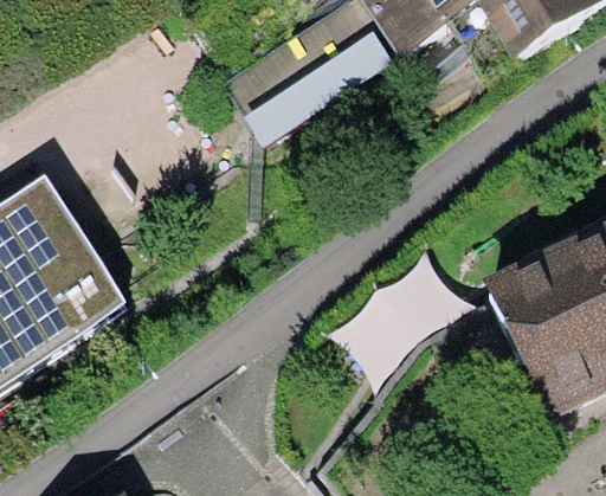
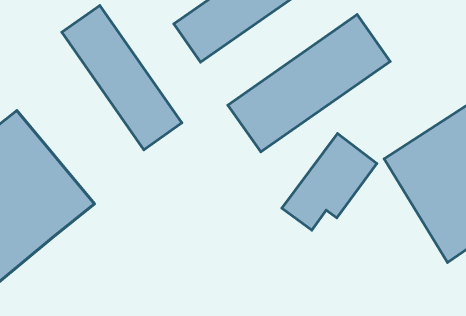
building: none -> [62,5,182,150]
building: none -> [228,15,390,152]

